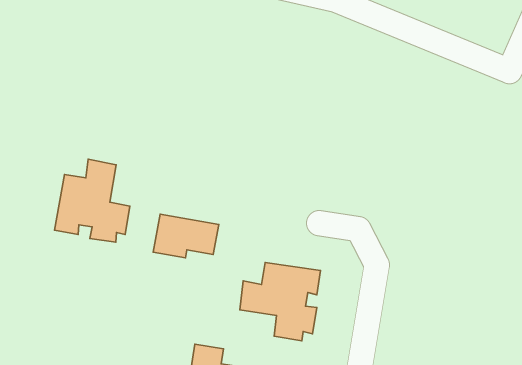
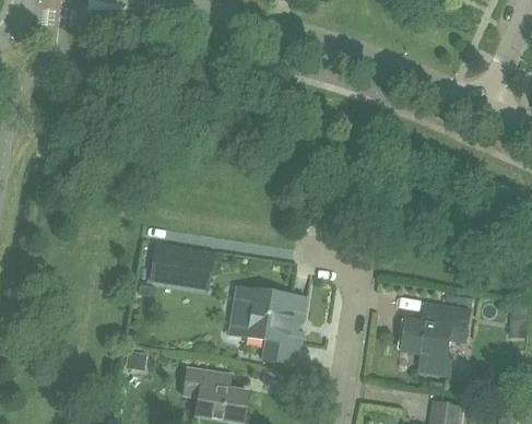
building: [55,159,130,242] -> none
building: none -> [402,303,471,376]

